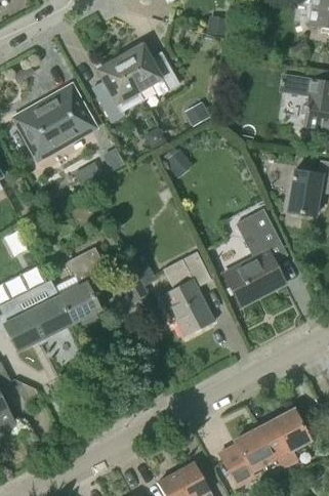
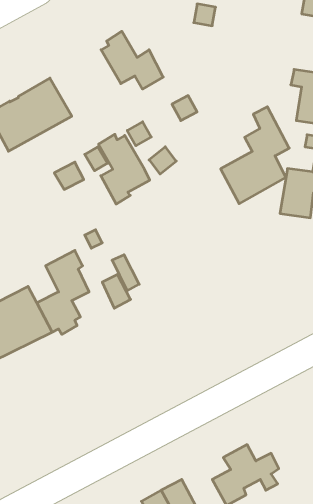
building: [94,57,142,123] -> [99,134,150,204]
building: [222,216,287,307] -> [221,107,289,204]
building: [163,252,213,336] -> none
building: [256,410,310,466] -> none

